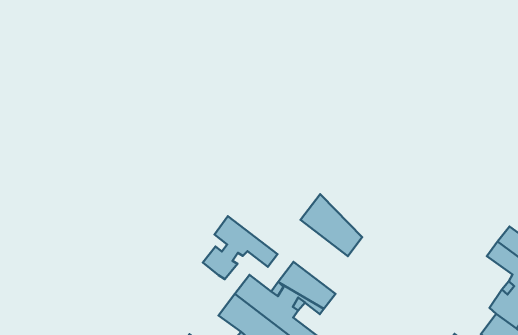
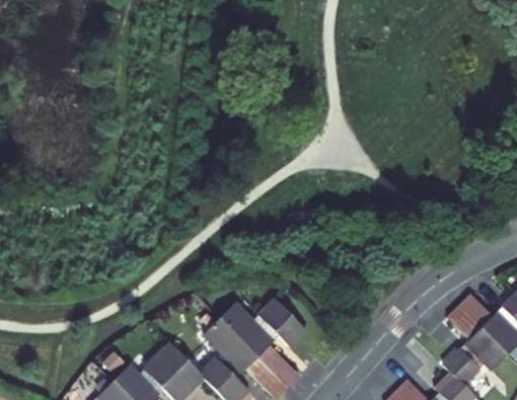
building: [301,194,362,256] -> none
building: [203,216,278,279] -> none

